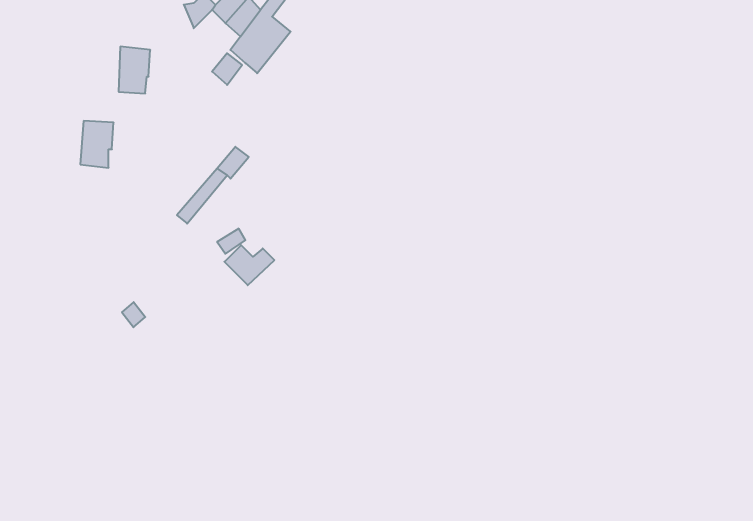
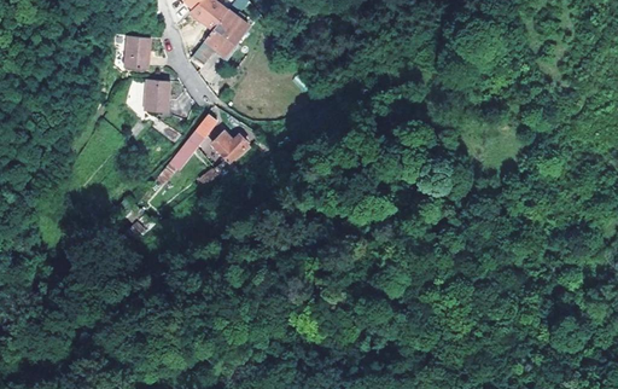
building: [80,121,114,168] -> [145,80,169,114]
building: [224,245,274,285] -> [211,132,247,161]

